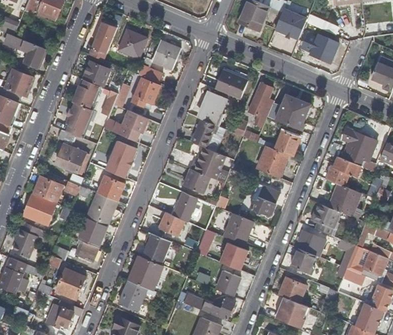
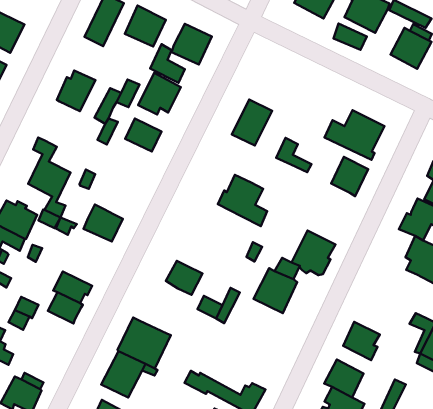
building: [81,60,109,87] -> none
building: [214,70,247,98] -> none
building: [247,83,272,128] -> none
building: [64,102,90,137] -> none
building: [190,118,225,152] -> none
building: [108,140,137,170] -> none
building: [256,146,287,178] -> none
building: [182,168,210,194] -> none
building: [86,193,117,224] -> none
building: [172,193,197,221] -> none
building: [309,203,339,235] -> none
building: [294,230,324,257] -> none
building: [141,233,171,265] -> none
building: [219,244,249,270] -> none
building: [55,268,84,300] -> none
building: [214,270,240,296] -> none

